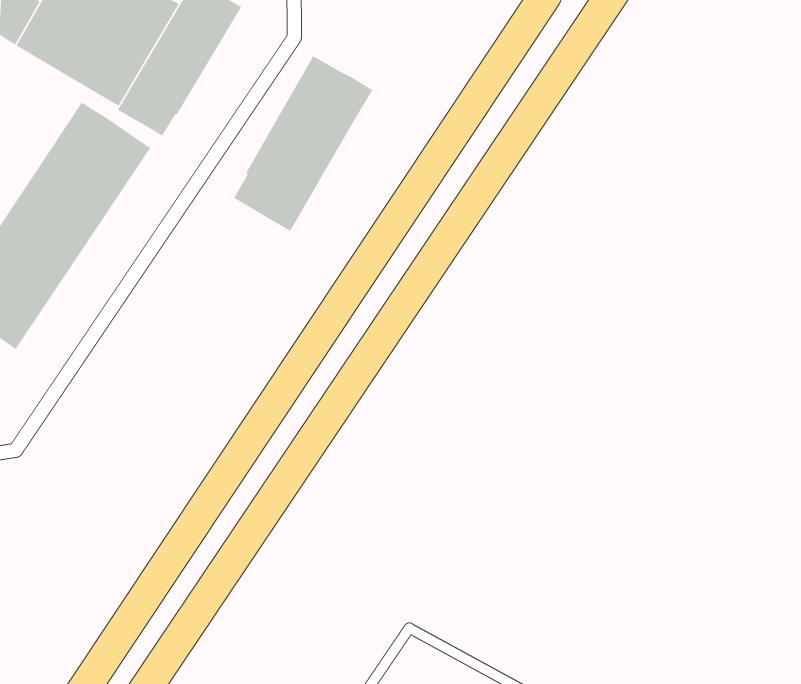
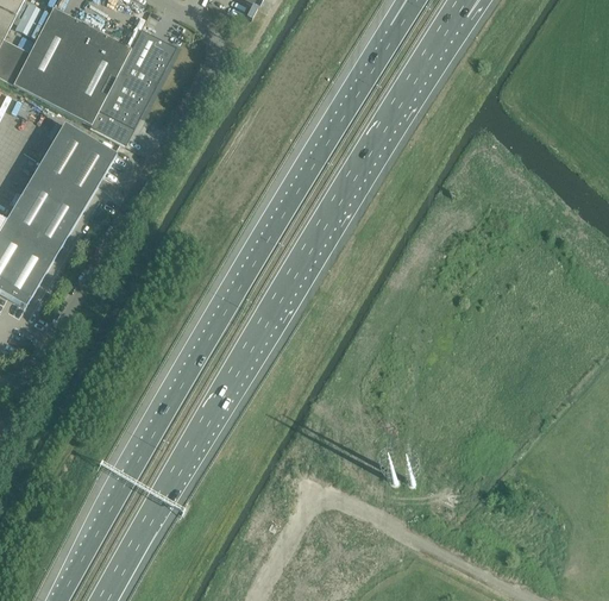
building: [232,55,374,232] -> none

